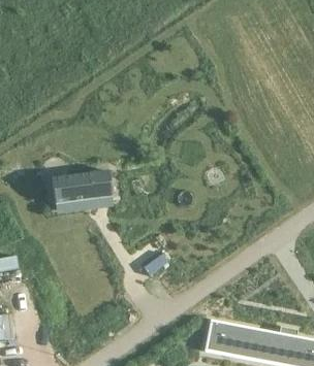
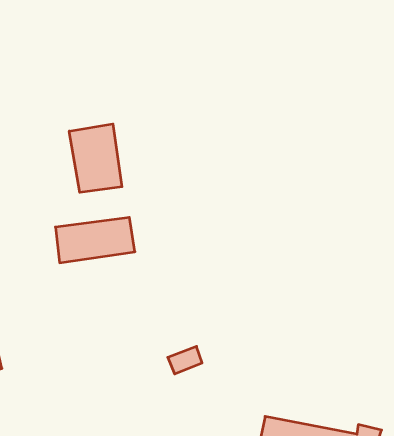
building: none -> [69,124,122,192]

